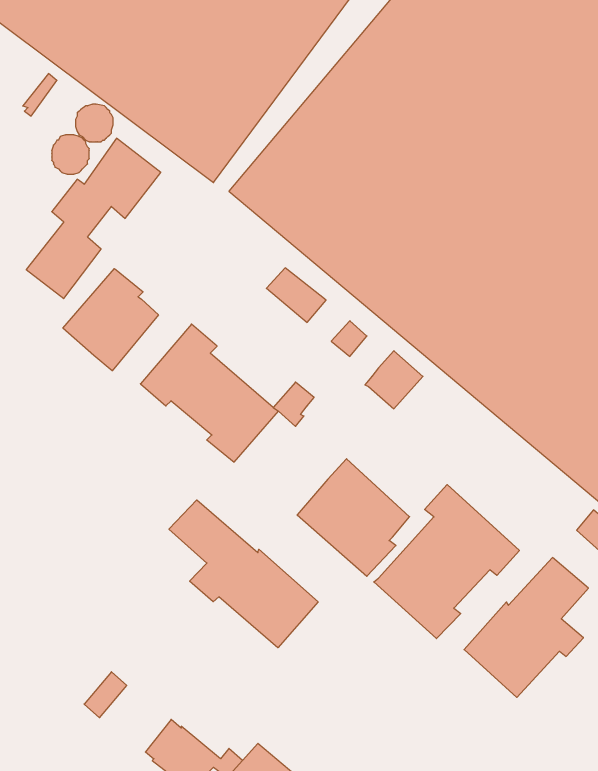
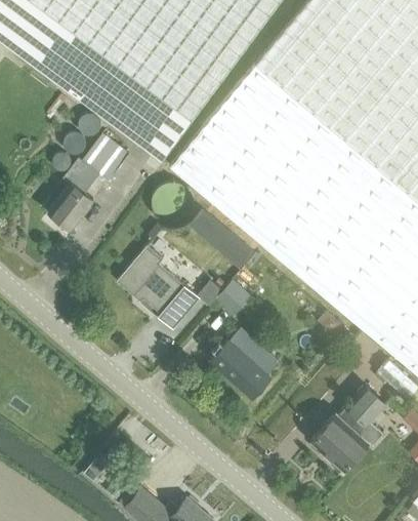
building: [63,269,158,371] -> none
building: [365,351,423,409] -> [213,279,248,314]
building: [374,485,519,639] -> none
building: [169,500,318,648] -> none

